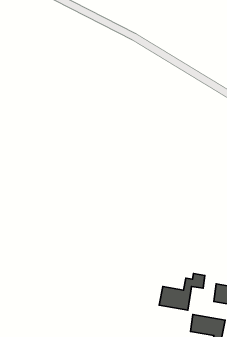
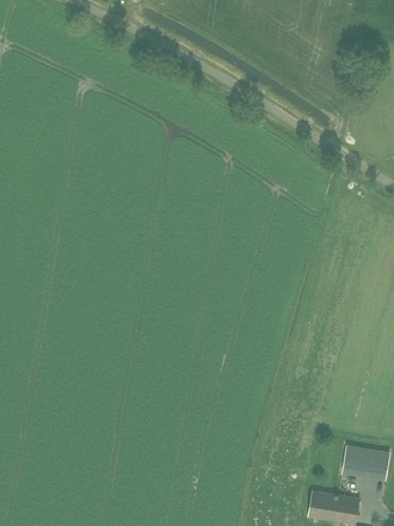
building: [159,274,205,310] -> none

